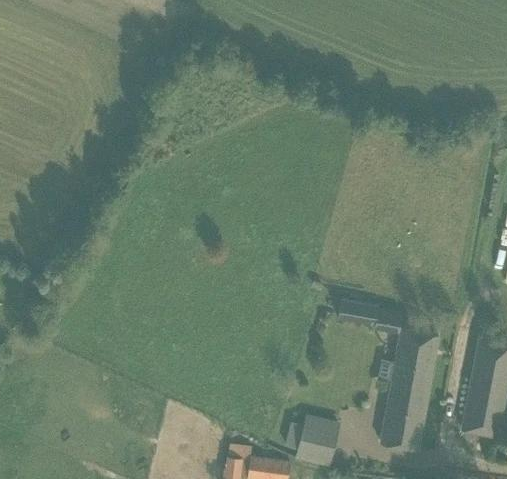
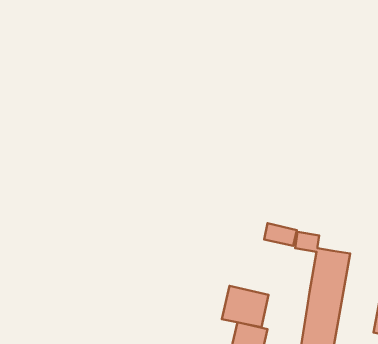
building: none -> [222,286,269,327]

